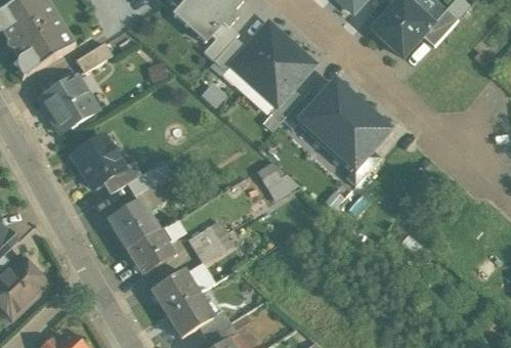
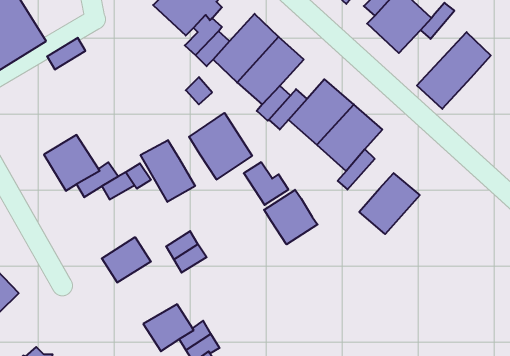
building: none -> [417,32,491,109]
building: [38,75,96,132] -> none
building: none -> [189,113,252,180]
building: none -> [141,140,195,202]
building: none -> [359,173,420,234]
building: none -> [264,190,318,244]
building: [107,200,157,250] -> none
building: [150,268,197,311] -> none

